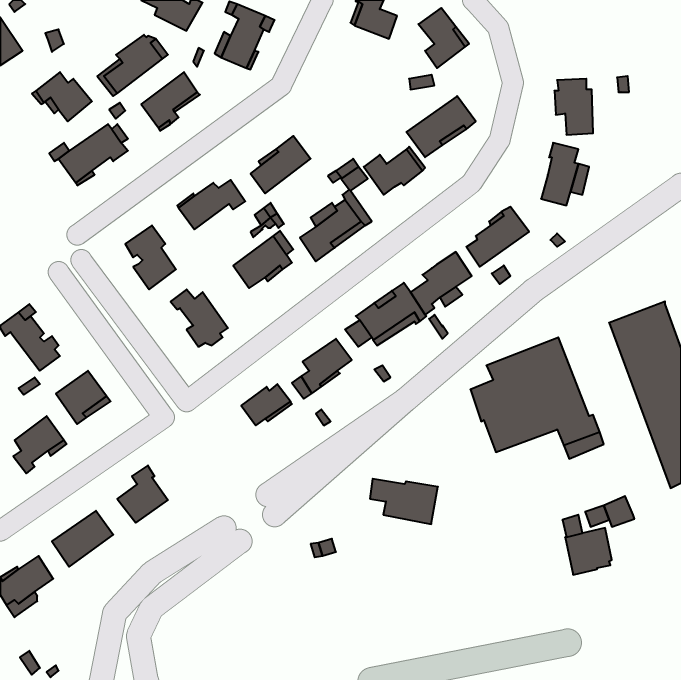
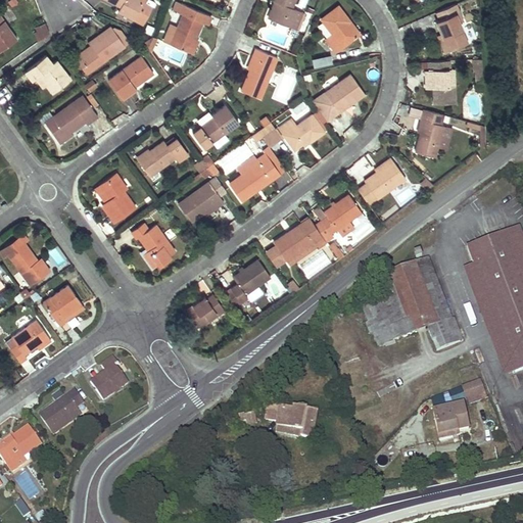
building: none -> [435,5,467,54]
building: none -> [241,49,278,99]
building: [370,479,438,524] -> [266,406,318,440]

